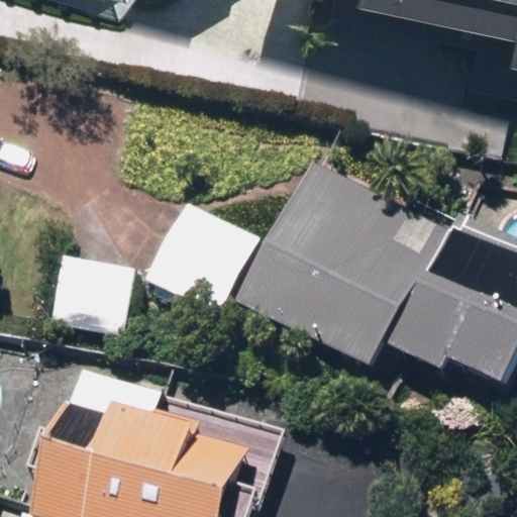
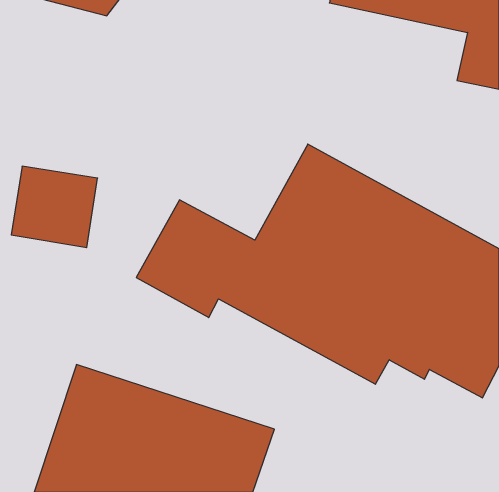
building: [46,262,135,345] -> [11,166,98,248]

